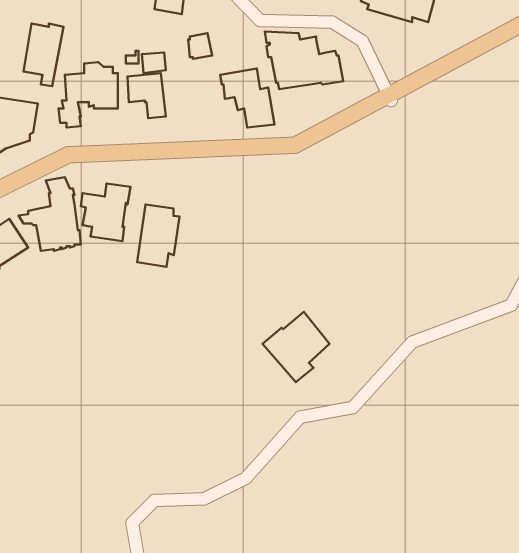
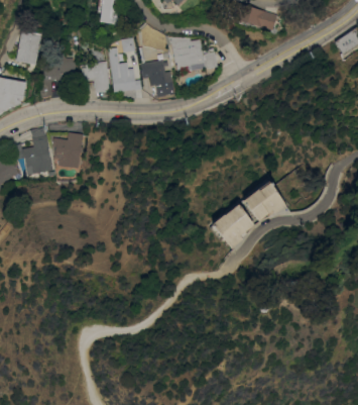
building: none -> [108,46,142,92]
building: [137,205,179,267] -> none
building: none -> [242,183,285,221]
building: [262,312,330,382] -> [211,204,253,248]

